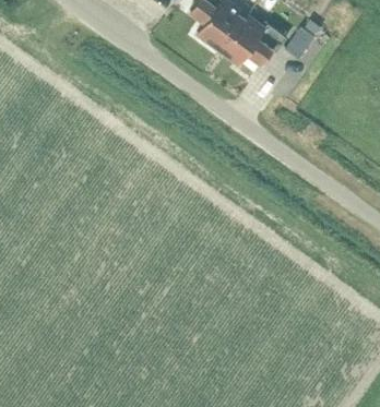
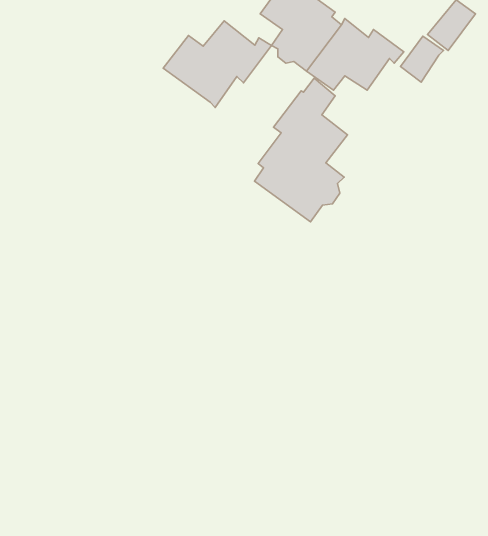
building: none -> [163,21,271,107]
building: none -> [255,78,347,222]

